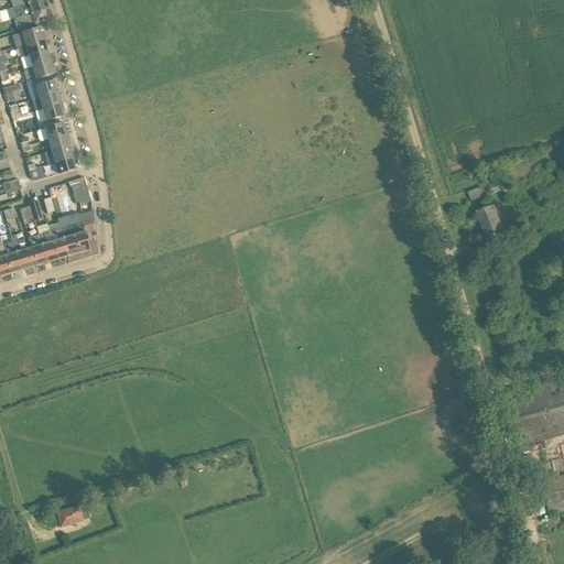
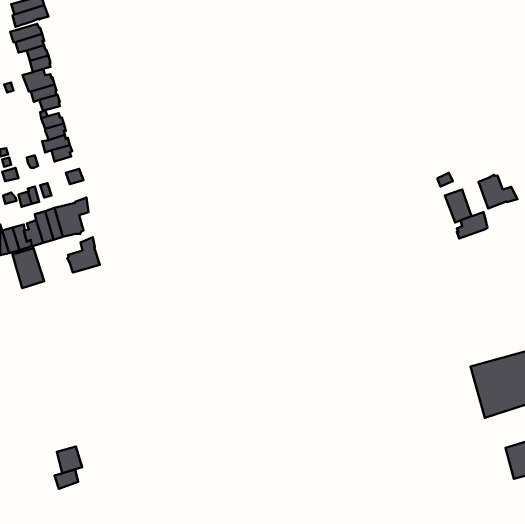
building: none -> [479,175,518,209]
building: none -> [457,212,488,238]
building: none -> [67,237,100,272]
building: none -> [12,248,44,288]
building: none -> [57,447,82,473]

